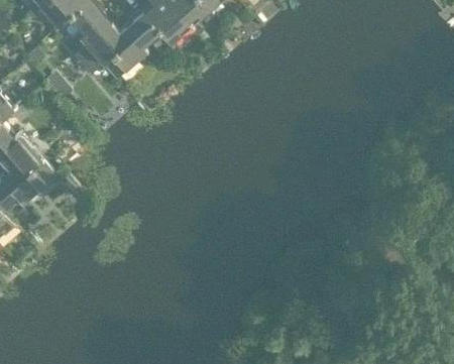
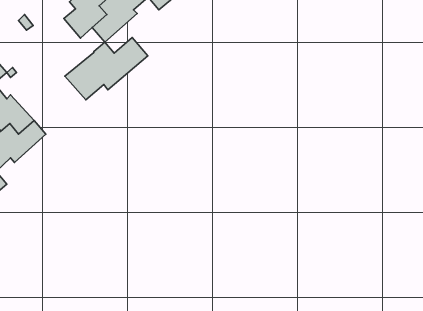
building: none -> [65,38,148,100]

